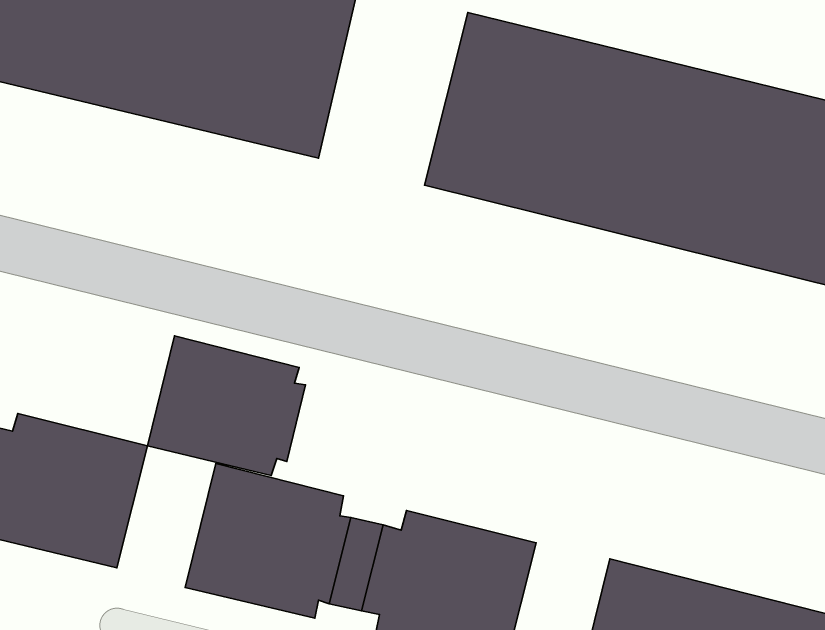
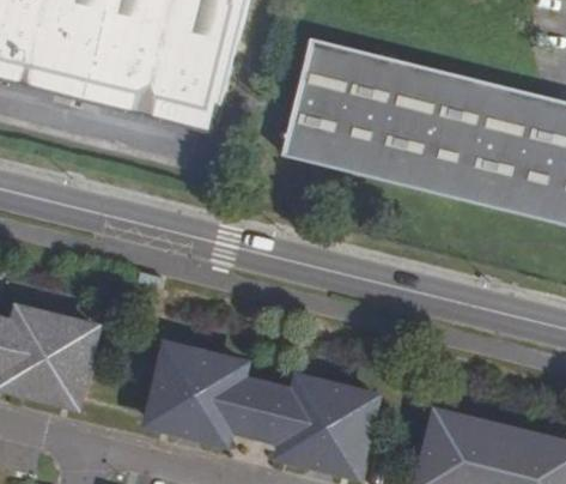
building: [148,336,305,475] -> none

